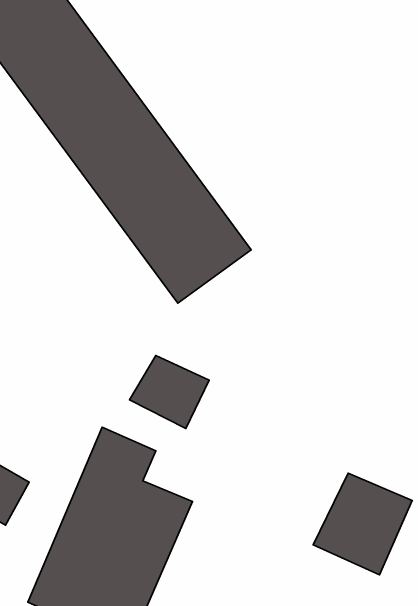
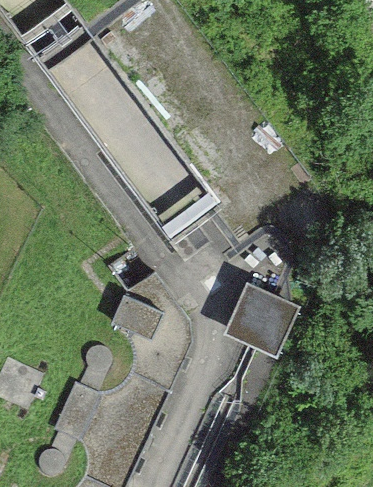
building: [313,473,412,575] -> [230,280,306,358]

